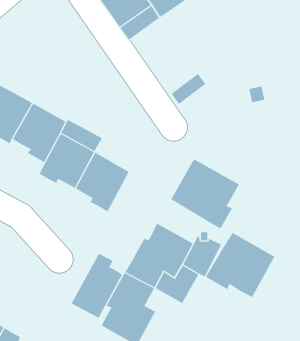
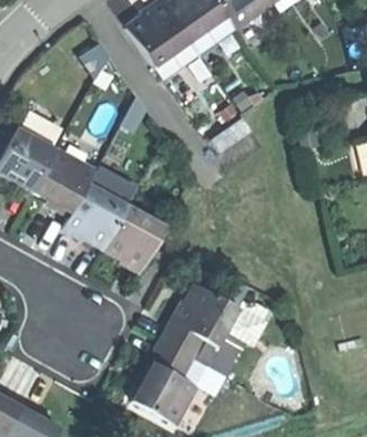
building: [171,158,239,230] -> none
building: [205,232,275,298] -> none
building: [71,253,123,319] -> none

